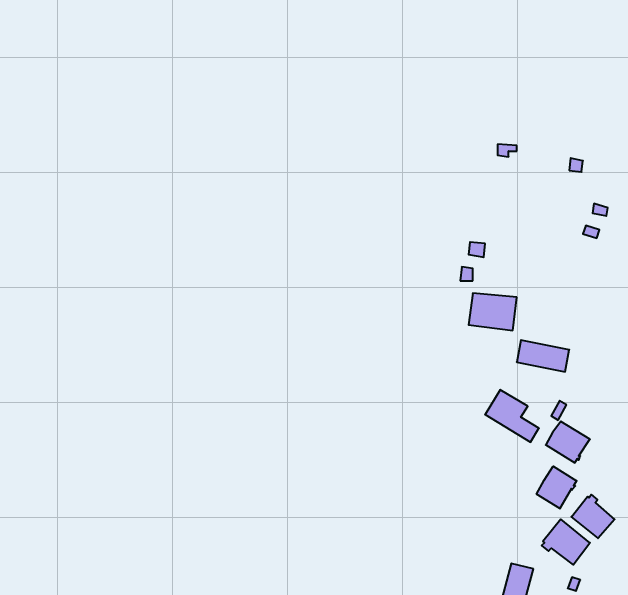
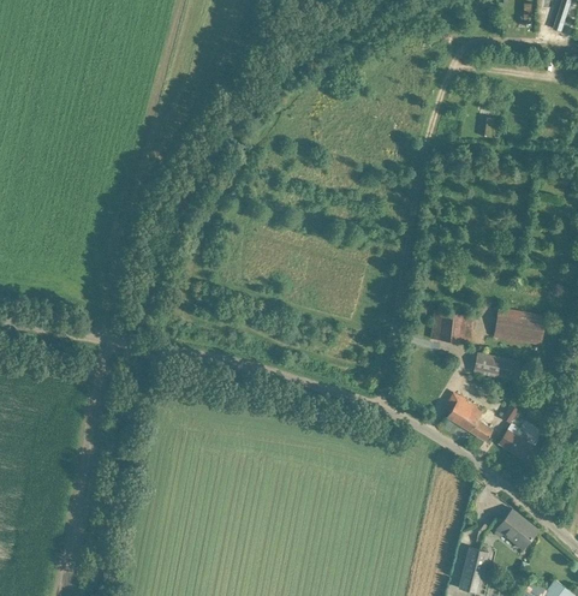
building: none -> [485,308,546,345]
building: [537,466,577,509] -> none
building: [571,495,615,538] -> none

